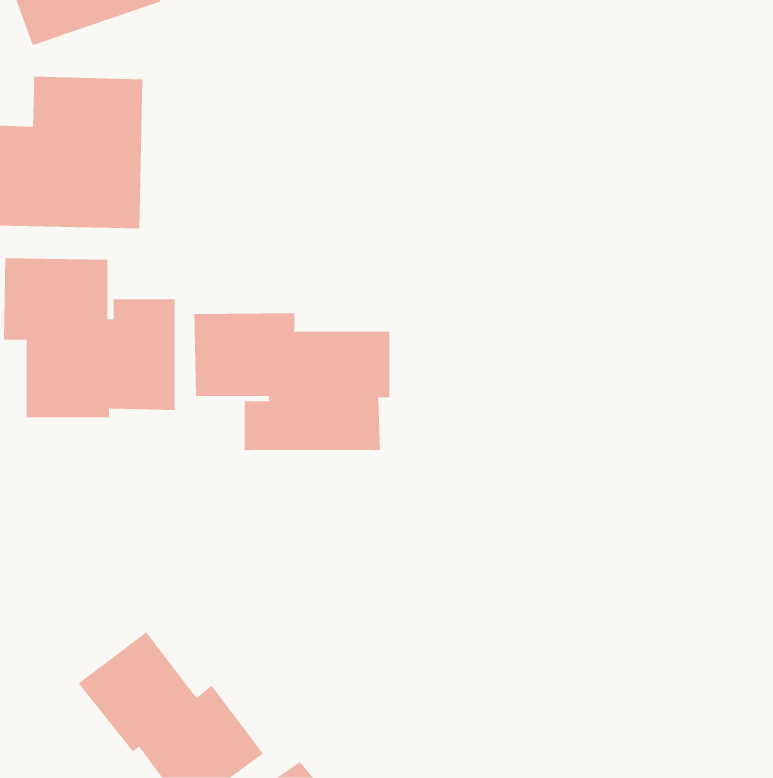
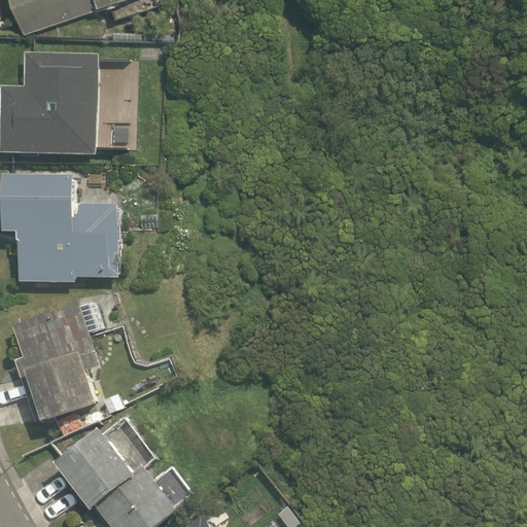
building: [194,312,390,451] -> none
building: none -> [12,300,104,422]

